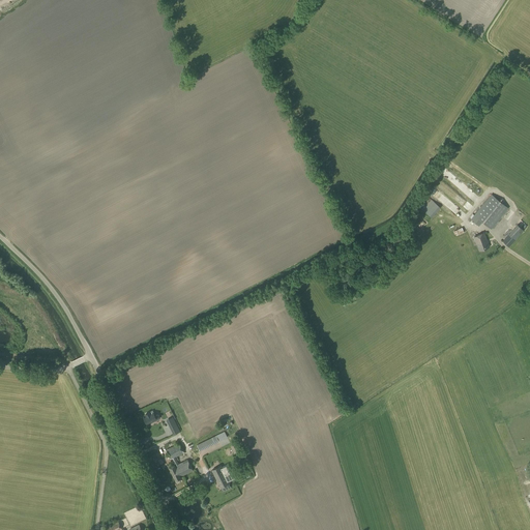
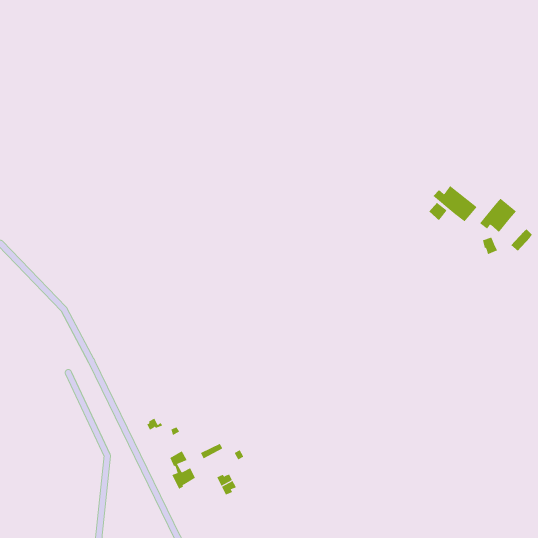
building: none -> [432,185,477,222]

